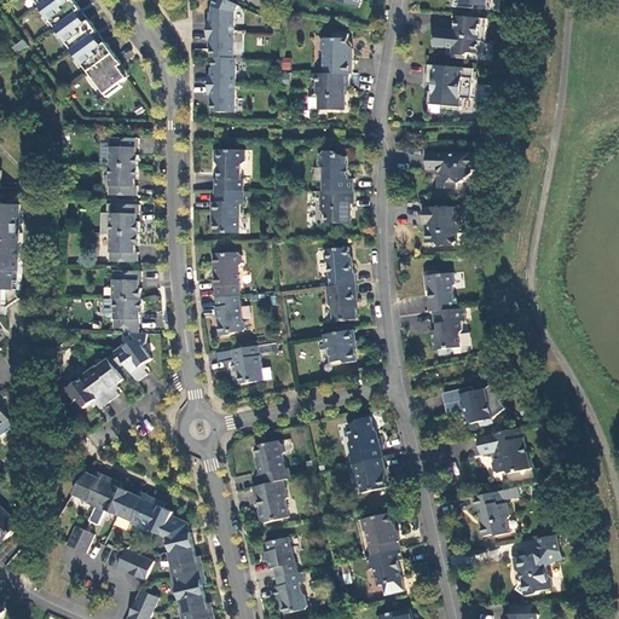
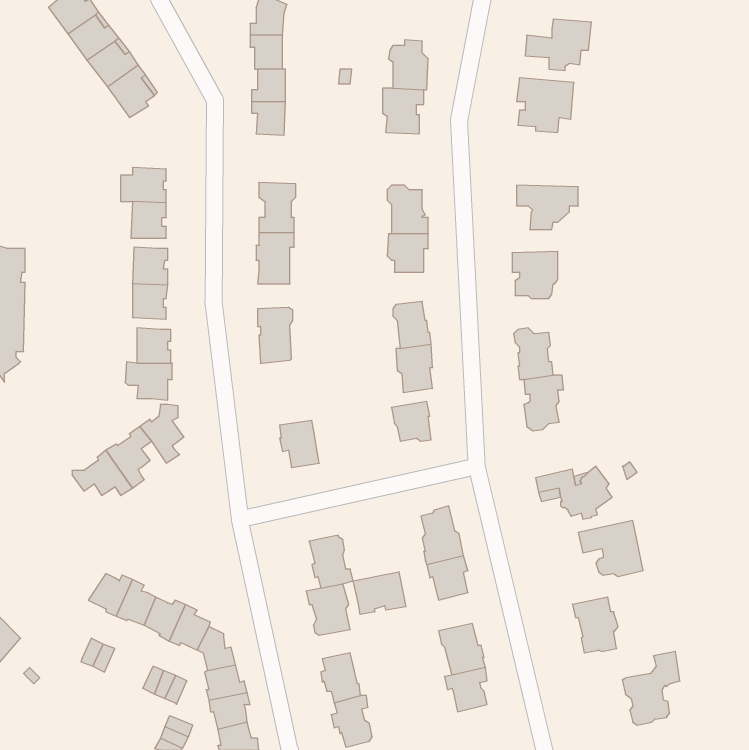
building: [214,296,244,336] -> none
building: none -> [353,572,406,614]

